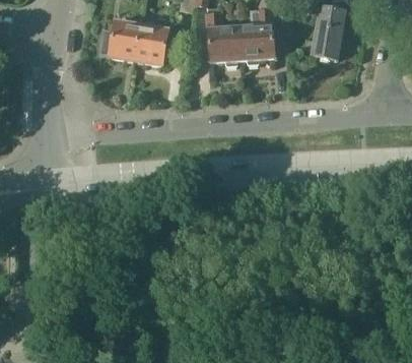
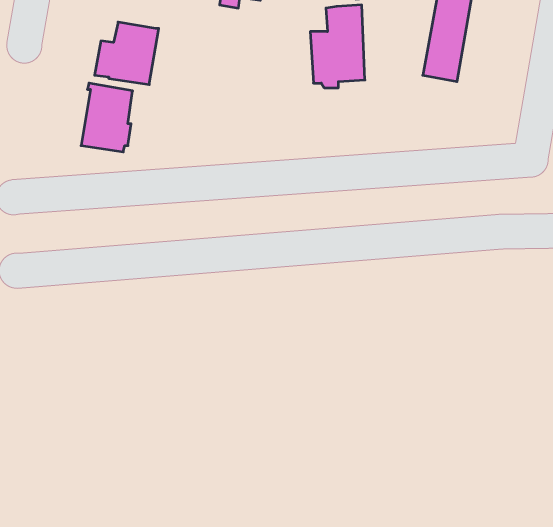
building: [205,12,242,63] -> none
building: [135,19,168,64] -> [81,83,133,152]

